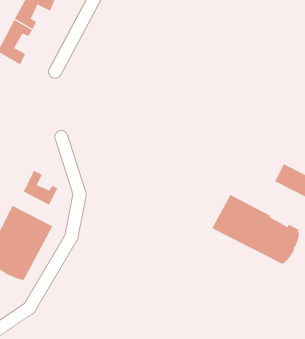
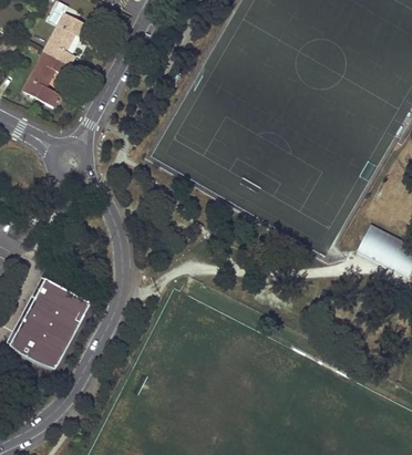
building: [23,170,58,206] -> none
building: [212,194,300,265] -> none

